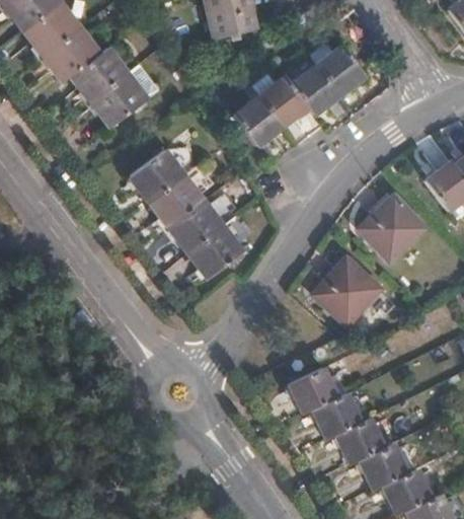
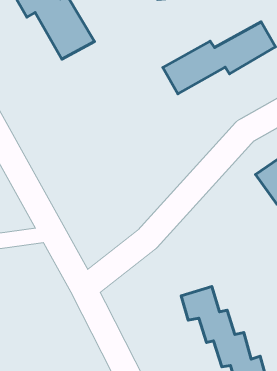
building: [130,151,241,278] -> none
building: [316,258,382,323] -> none

